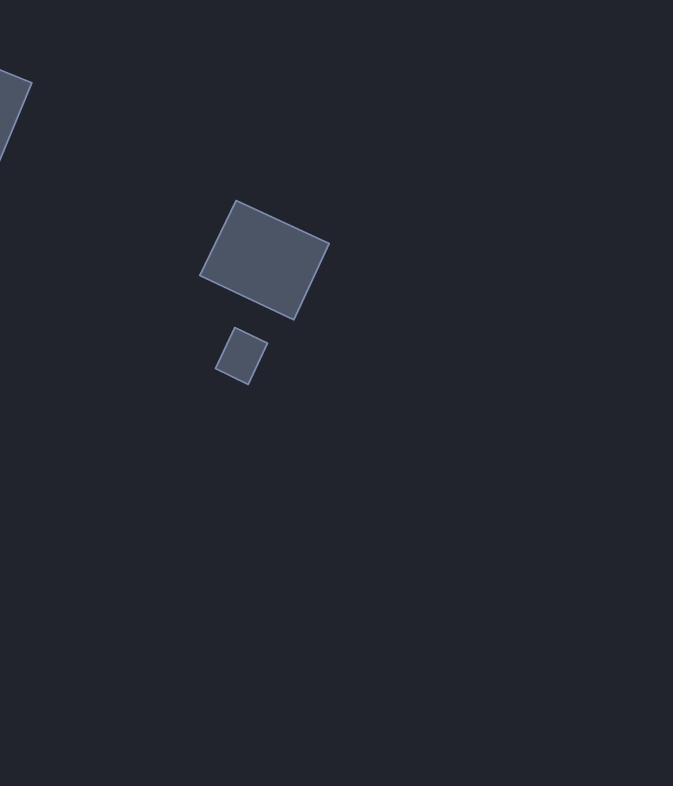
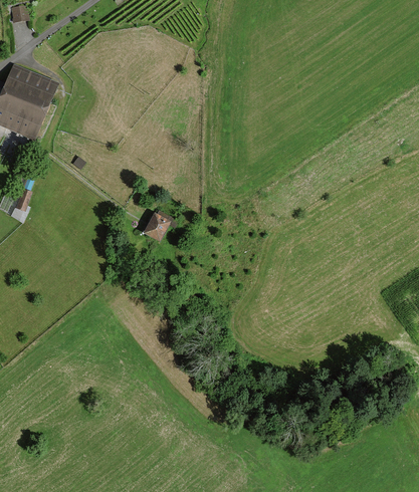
building: [200,200,329,320] -> none

